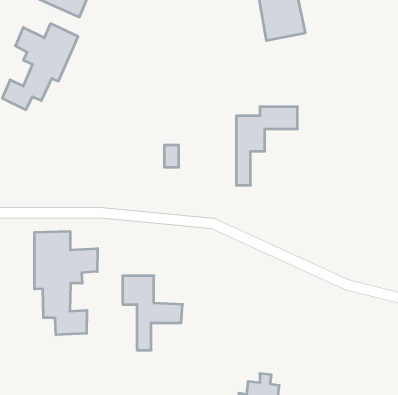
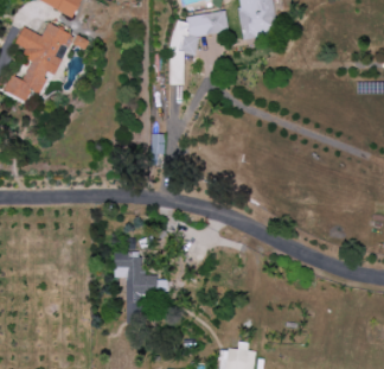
building: [236,107,298,185] -> [171,13,226,84]
building: [35,231,98,335] -> none

